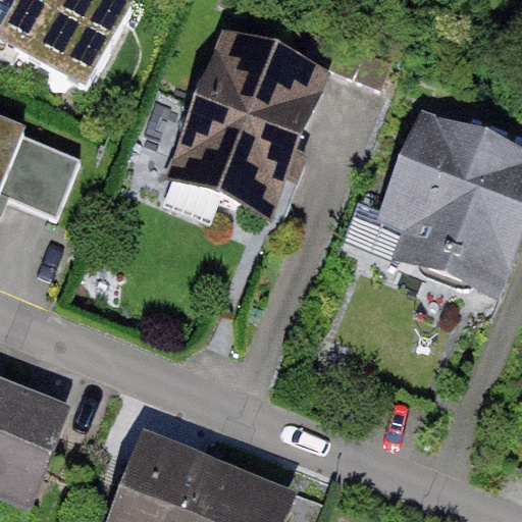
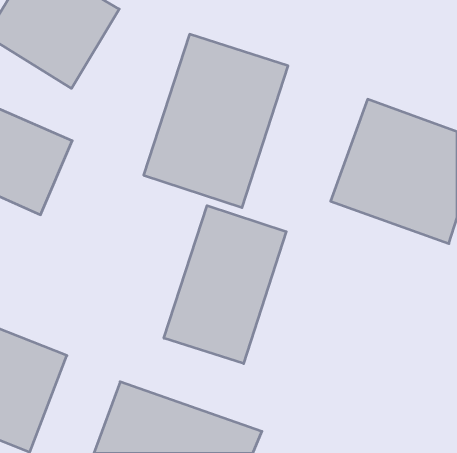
building: none -> [164,206,286,364]

